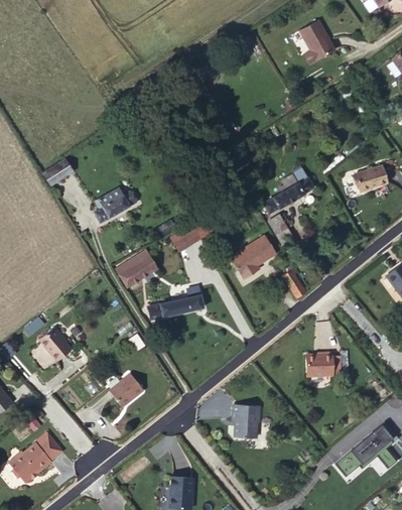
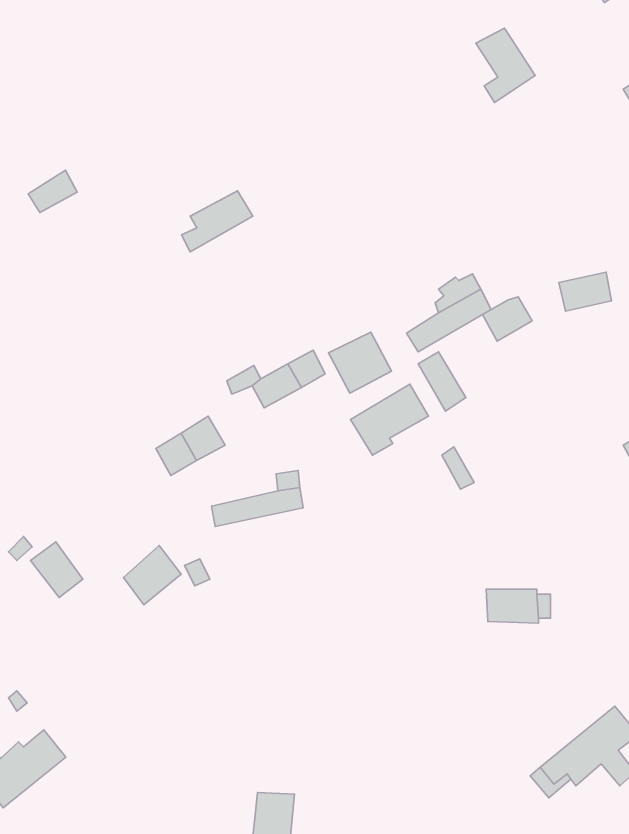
building: [45,156,75,181] -> [28,170,77,212]
building: none -> [482,297,532,341]
building: [94,186,136,223] -> [182,191,253,252]
building: none -> [329,332,392,393]
building: [108,377,142,412] -> [124,545,181,605]
building: [235,404,263,438] -> none

